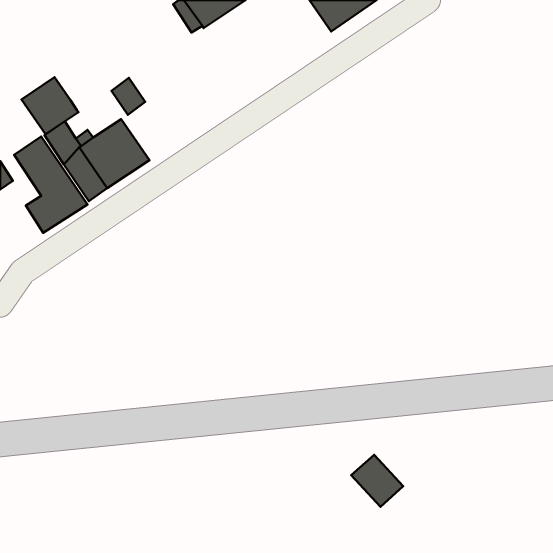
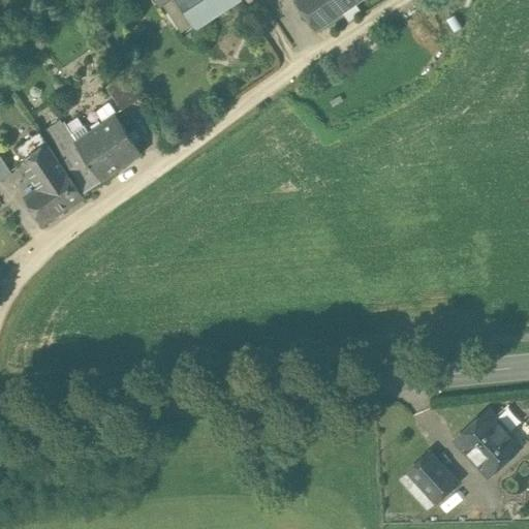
building: [22,77,79,134] -> none
building: none -> [456,409,521,475]
building: [351,455,403,507] -> [408,452,458,501]

